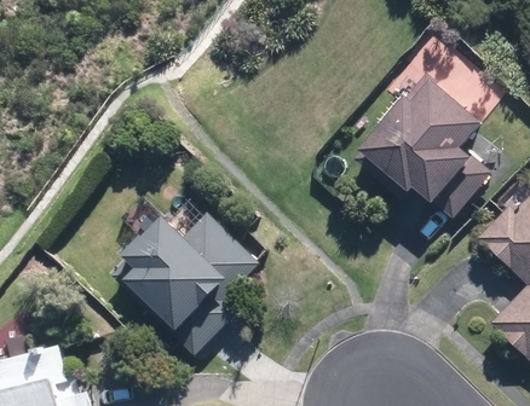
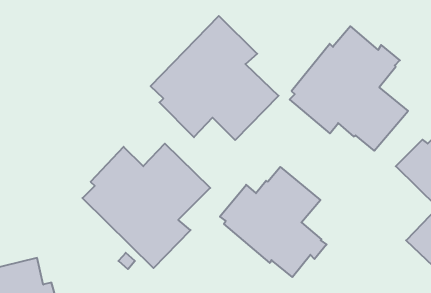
building: none -> [151,16,279,140]
building: none -> [220,167,327,277]

